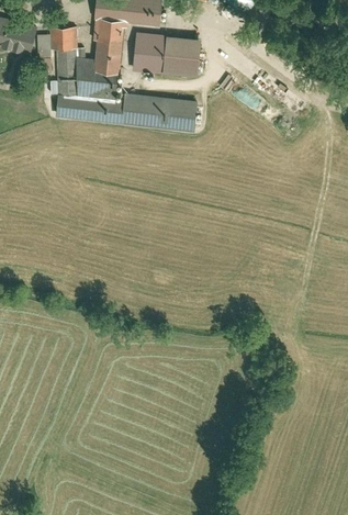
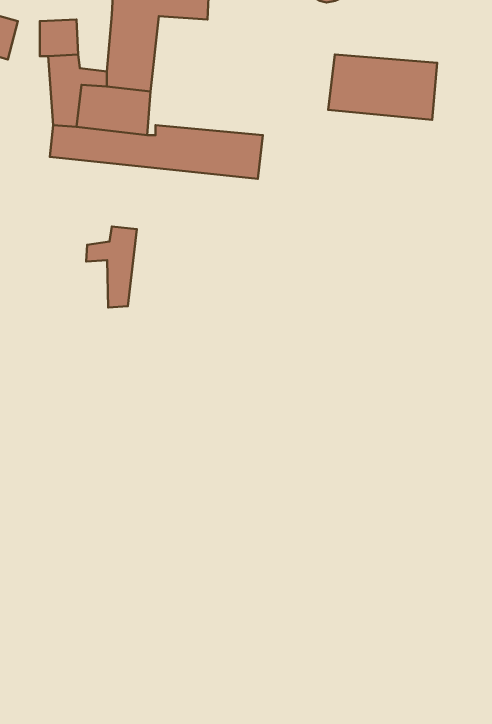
building: [132,34,203,77] -> [328,54,437,120]
building: none -> [86,227,137,307]

